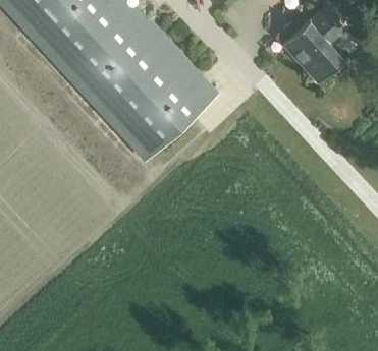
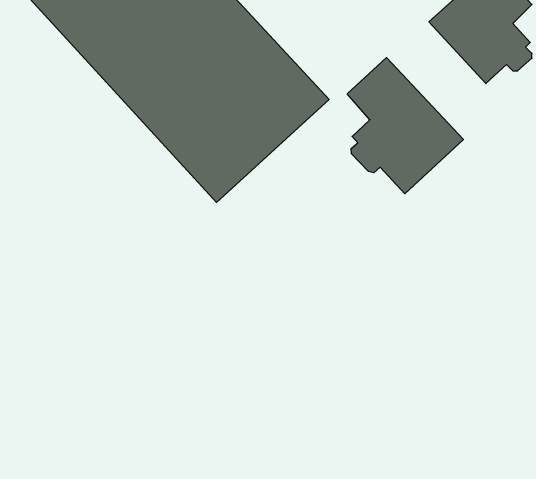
building: none -> [347,58,463,194]

